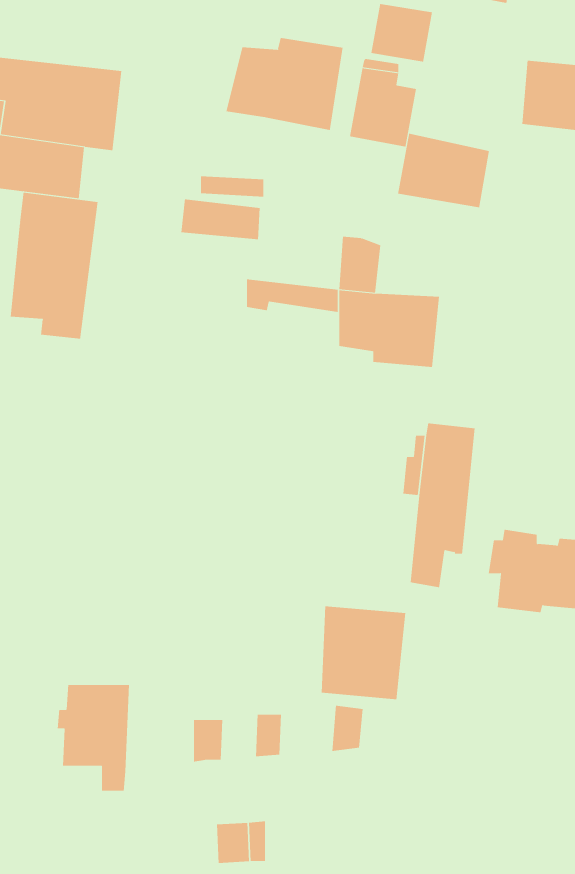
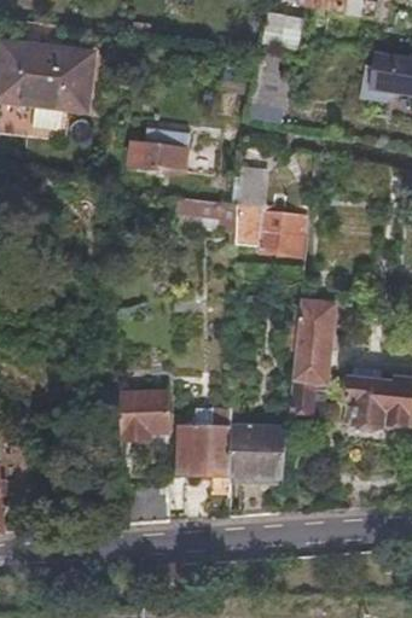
building: [226,37,343,131] -> none
building: [398,133,490,208] -> none
building: [10,192,98,340] -> none
building: none -> [126,384,169,432]
building: [57,685,130,791] -> [181,419,231,491]

